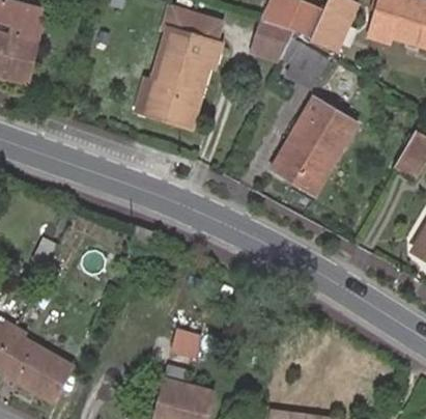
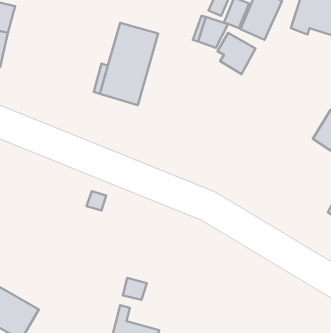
building: [168,8,219,41] -> none
building: [273,97,354,192] -> none

